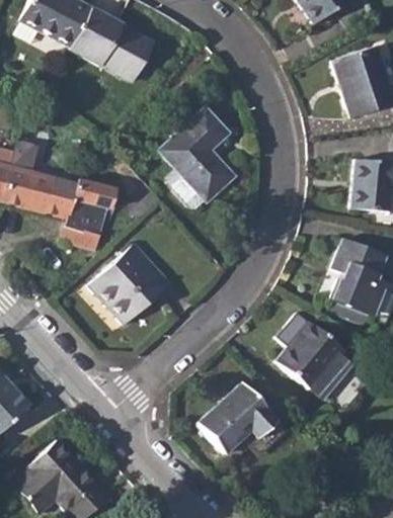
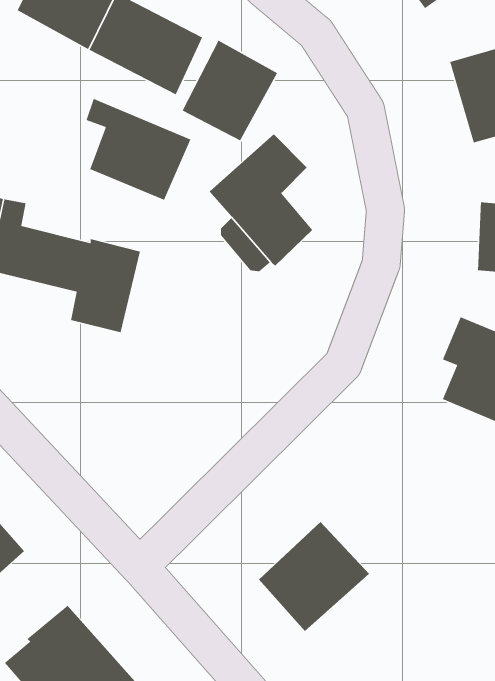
building: none -> [182,40,278,141]
building: none -> [85,98,191,201]
building: [92,245,172,326] -> none
building: [277,323,344,396] -> none

